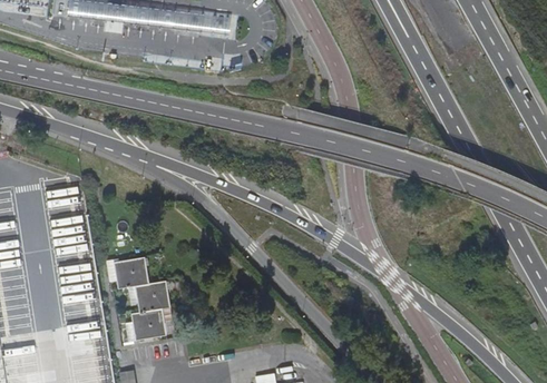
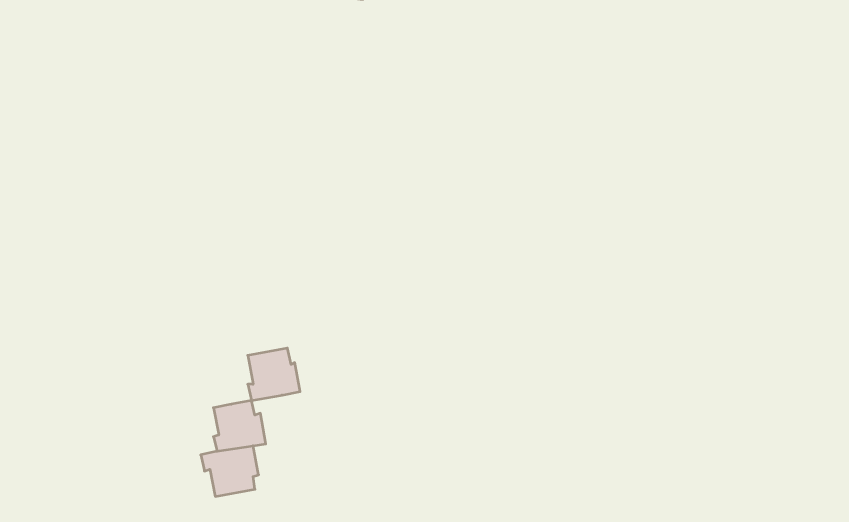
building: [117,256,149,288] -> [248,348,300,401]

